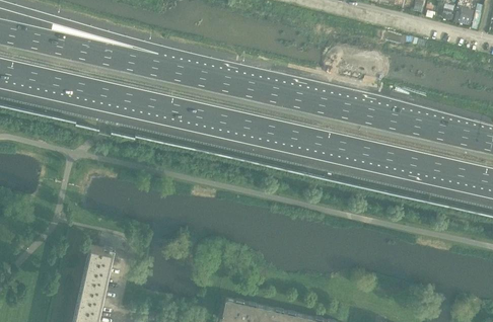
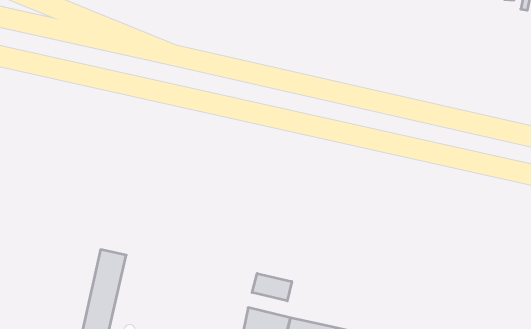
building: none -> [252,273,292,301]

